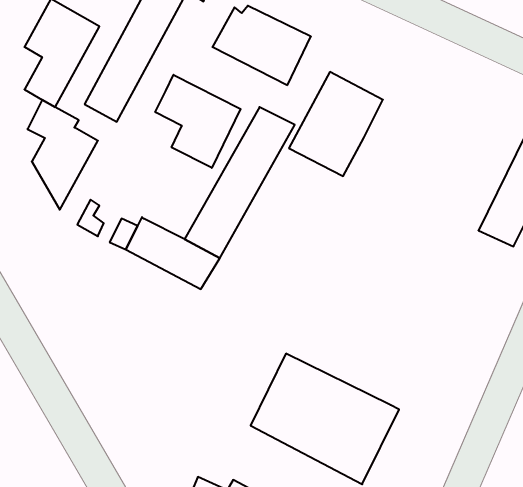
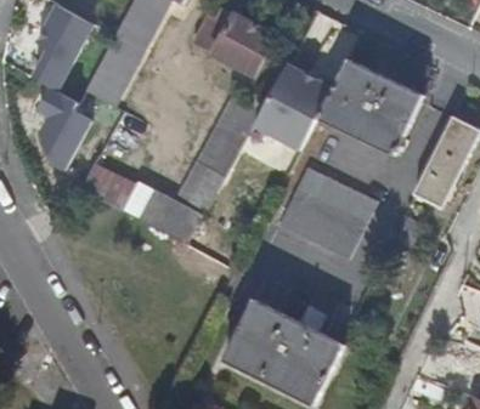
building: none -> [316,59,422,153]
building: [155,75,241,168] -> none
building: none -> [278,166,379,259]

